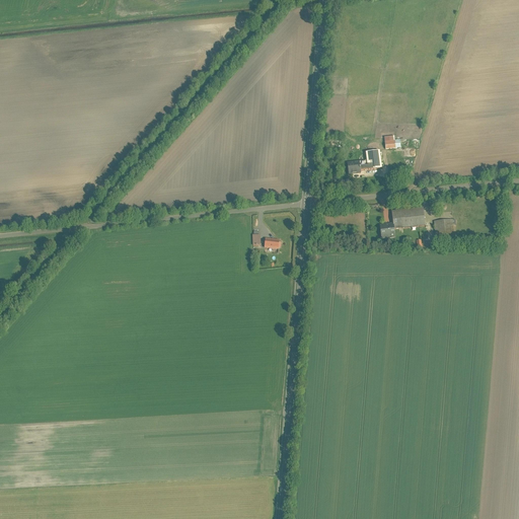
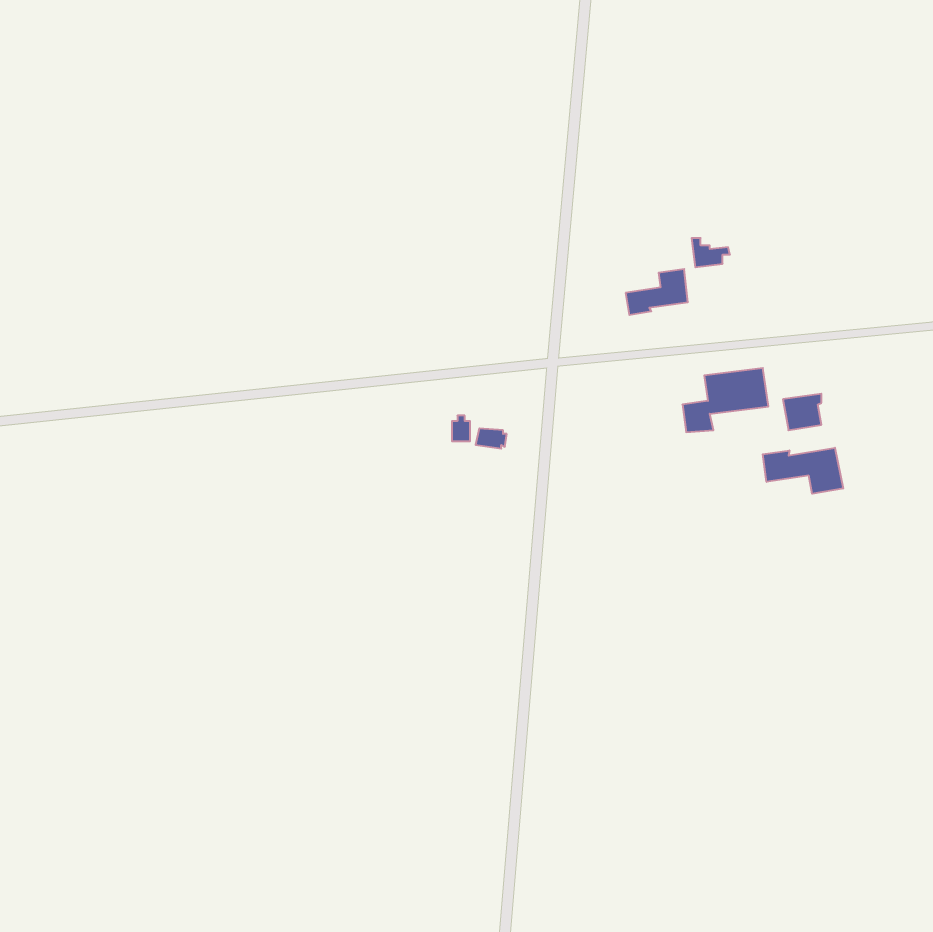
building: none -> [763,448,843,494]

